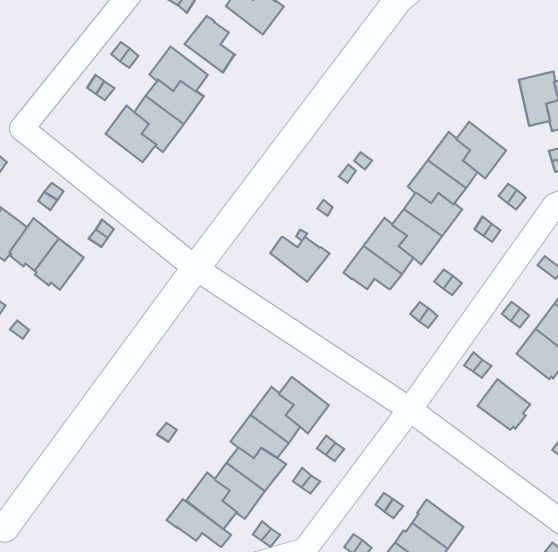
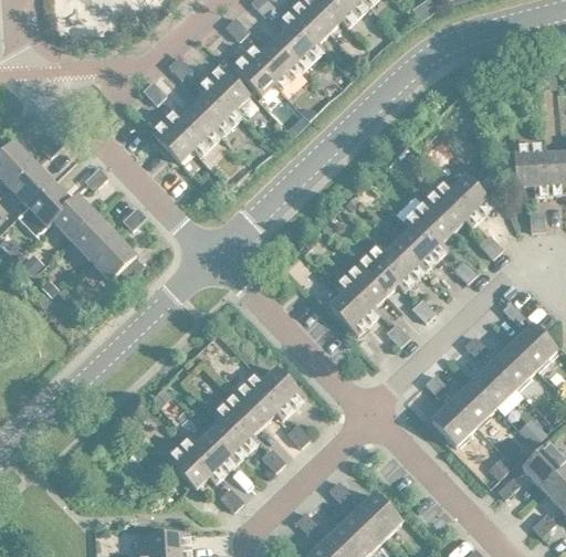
building: none -> [261,40,301,90]
building: [270,237,330,282] -> [328,292,379,334]
building: none -> [90,234,135,280]
building: none -> [451,380,495,425]
building: [167,499,231,547] -> none

